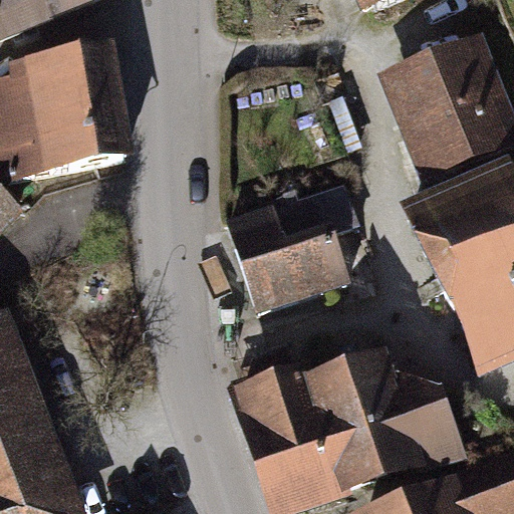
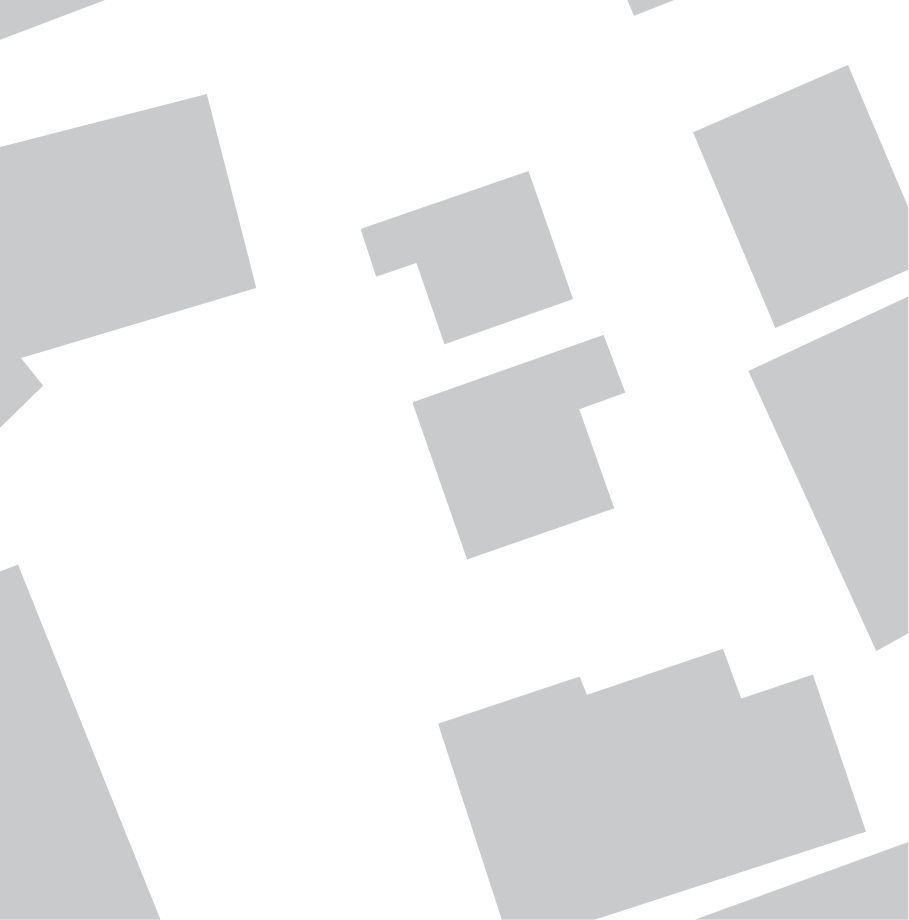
building: none -> [360,170,574,345]

